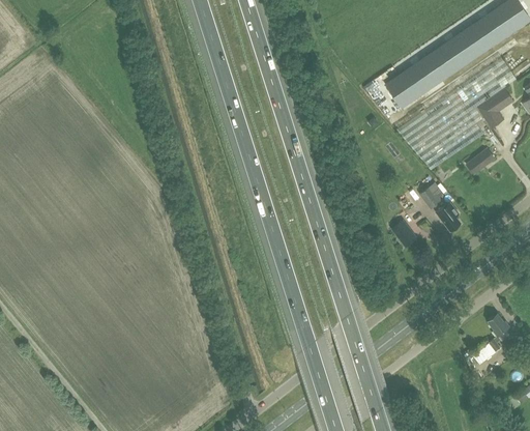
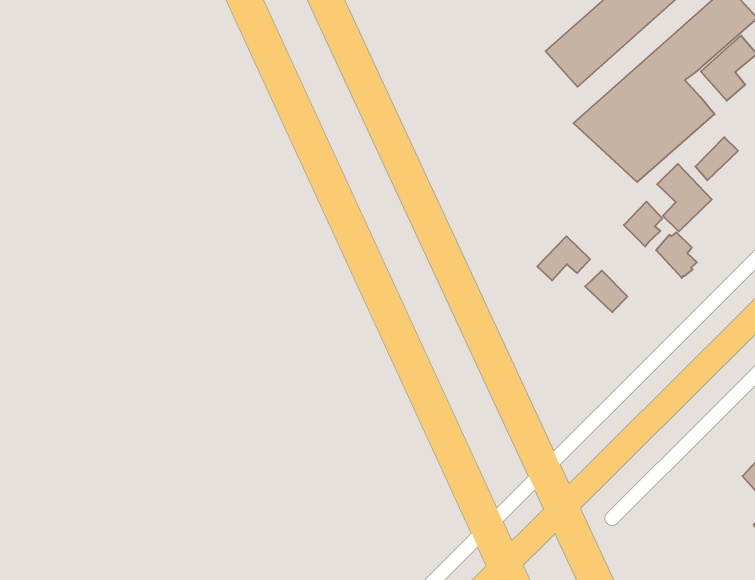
building: none -> [657,164,712,232]
building: none -> [537,236,590,281]

